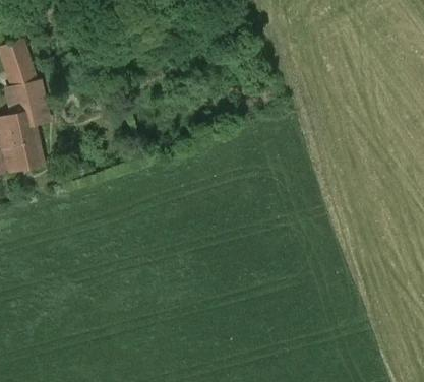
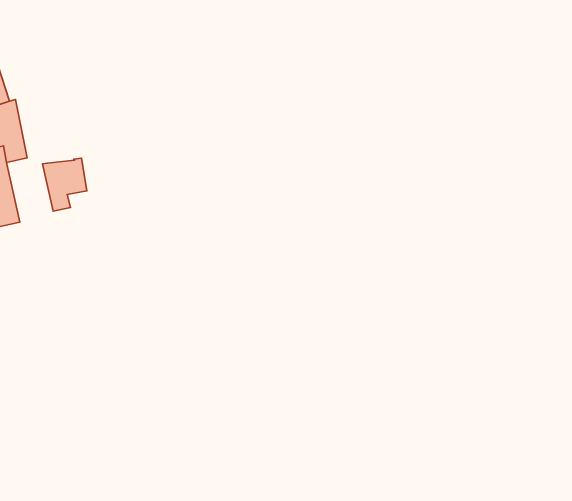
building: none -> [42,158,87,211]

